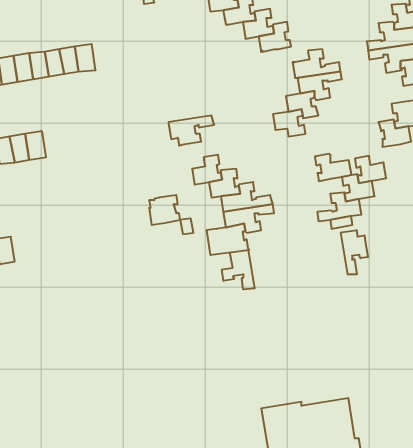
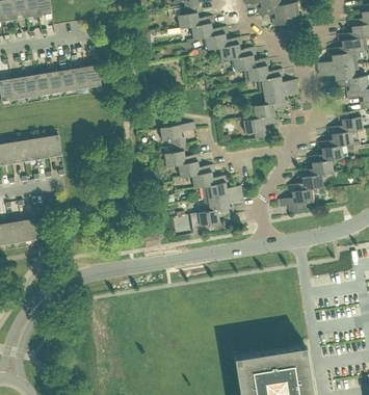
building: none -> [243,57,271,81]
building: [315,154,351,181] -> [317,139,346,161]
building: [149,195,180,225] -> [163,142,188,166]
building: [341,230,368,275] -> none
building: [222,250,254,289] -> none

